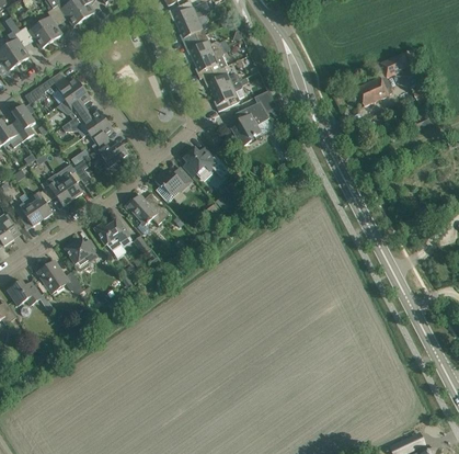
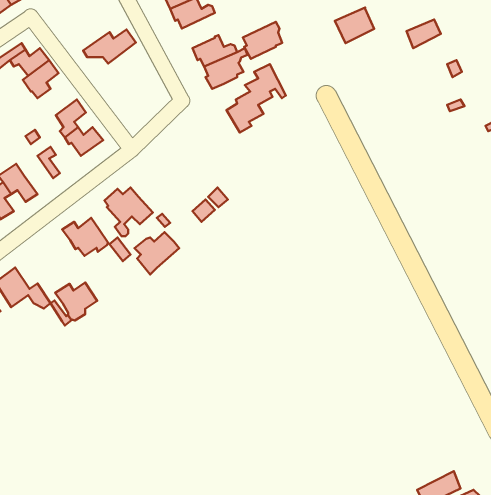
building: [193,47,226,78] -> [243,22,282,59]
building: [355,77,388,106] -> [335,8,374,43]
building: [61,109,105,137] -> [83,29,136,64]
building: [182,147,228,181] -> none
building: [56,164,82,198] -> none
building: [153,167,191,202] -> [134,232,179,274]
building: [64,239,99,271] -> [55,282,97,321]

